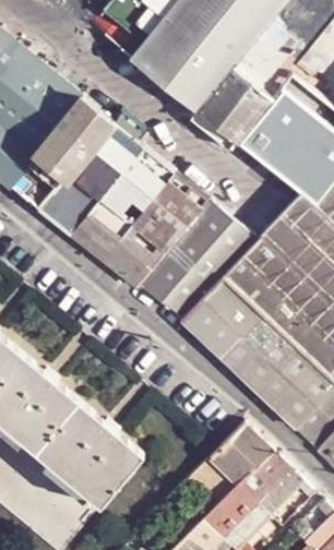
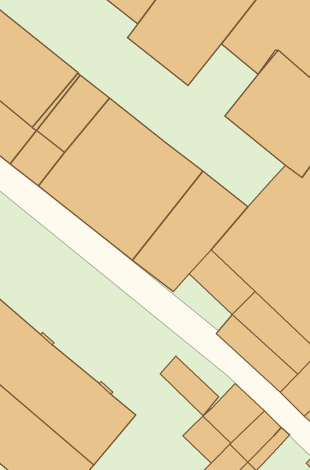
building: [198,67,271,142] -> none
building: [182,307,243,369] -> [160,356,219,416]

